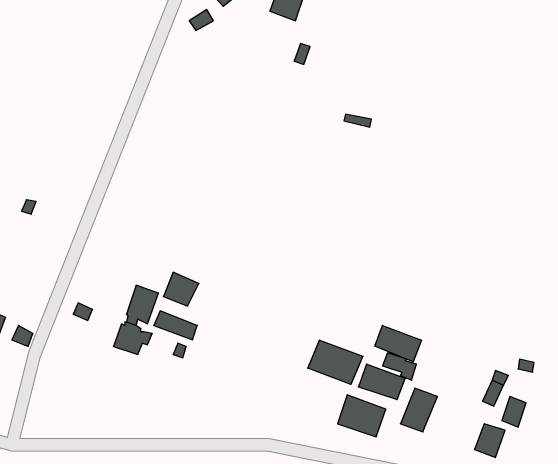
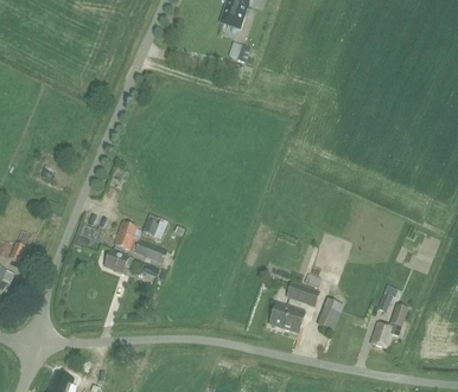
building: [375,325,422,362] -> none
building: [308,340,363,384] -> none

